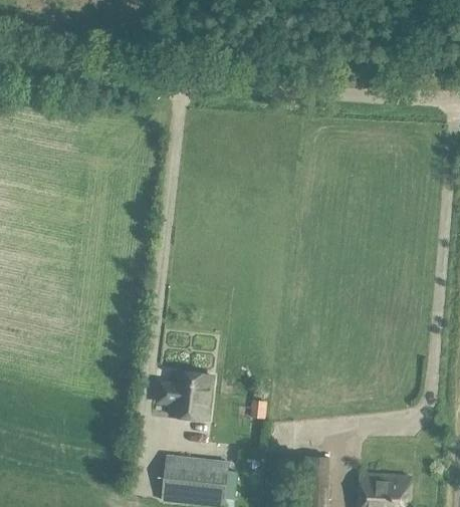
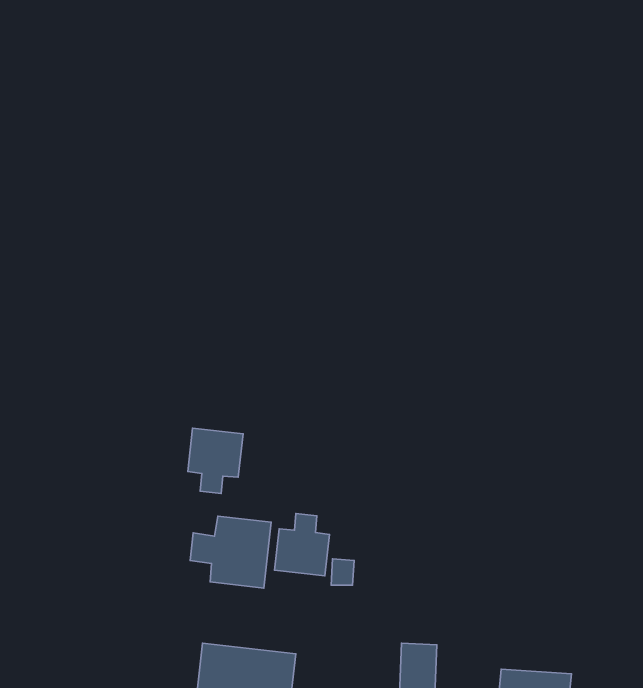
building: none -> [188,428,243,494]
building: none -> [274,513,330,576]

